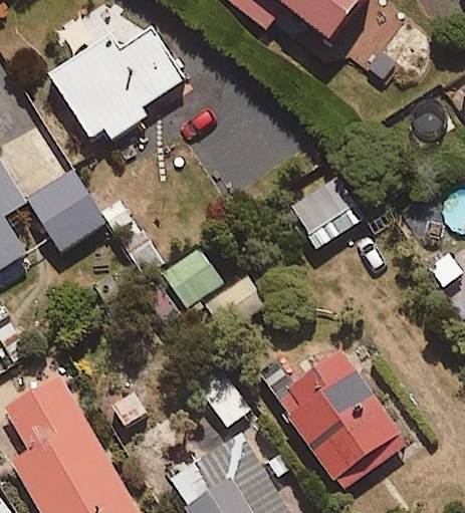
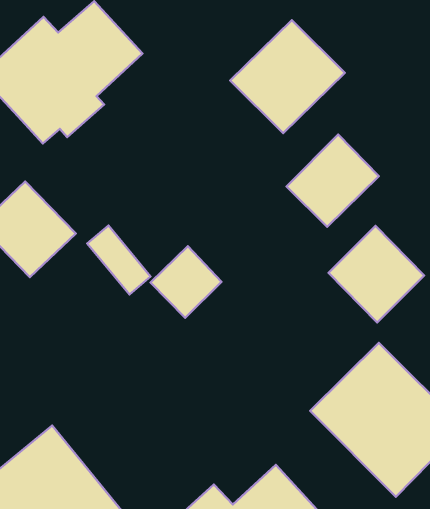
building: none -> [230,20,345,133]
building: none -> [329,226,424,323]

